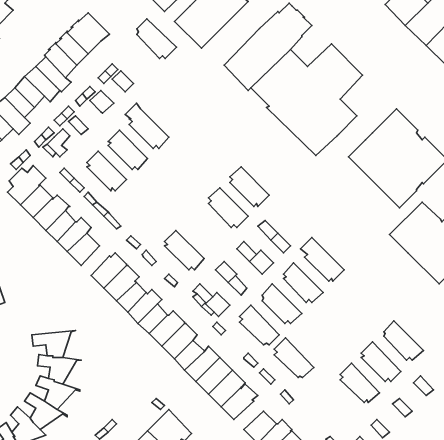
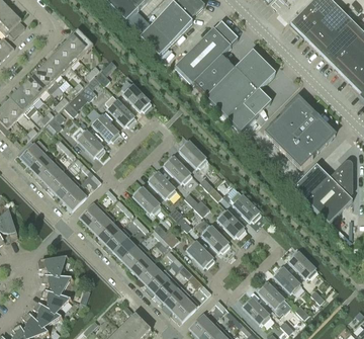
building: [137,19,177,59] -> [123,82,152,110]
building: none -> [149,169,177,197]
building: [274,338,314,377] -> [243,294,271,323]

